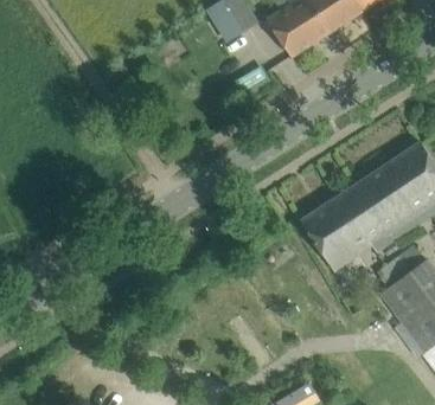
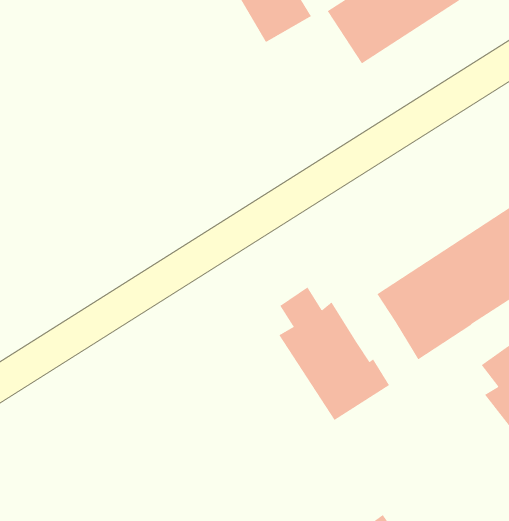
building: none -> [278,287,390,421]

